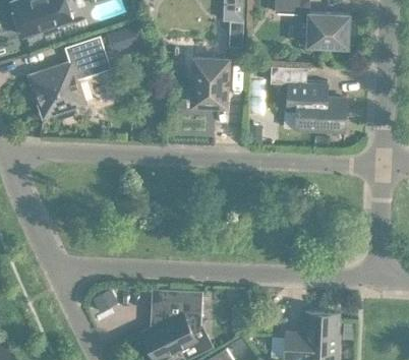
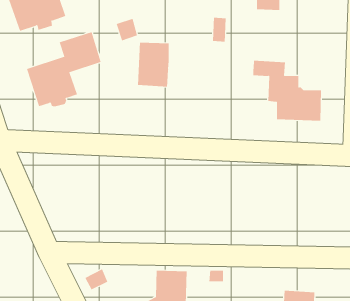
building: [306,13,352,48] -> none
building: [191,59,226,107] -> [137,42,170,87]

